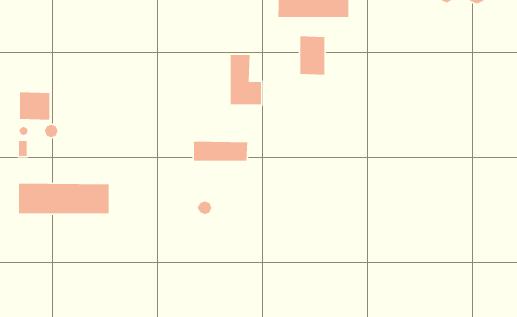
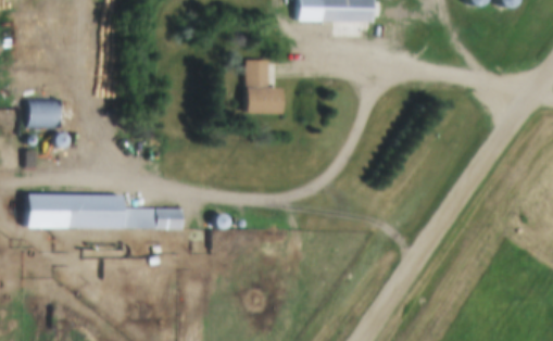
building: [299,35,325,76] -> none
building: [193,141,248,161] -> [126,207,184,229]

